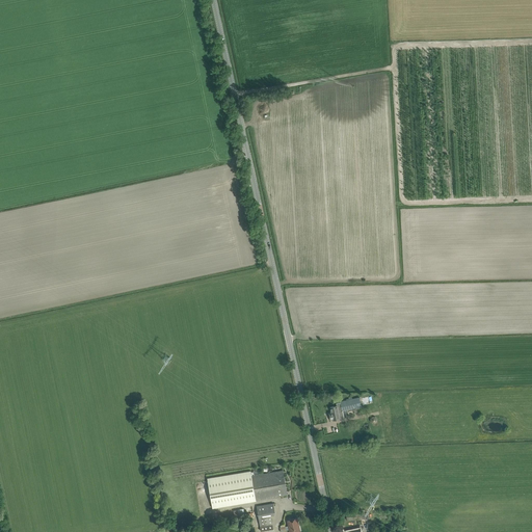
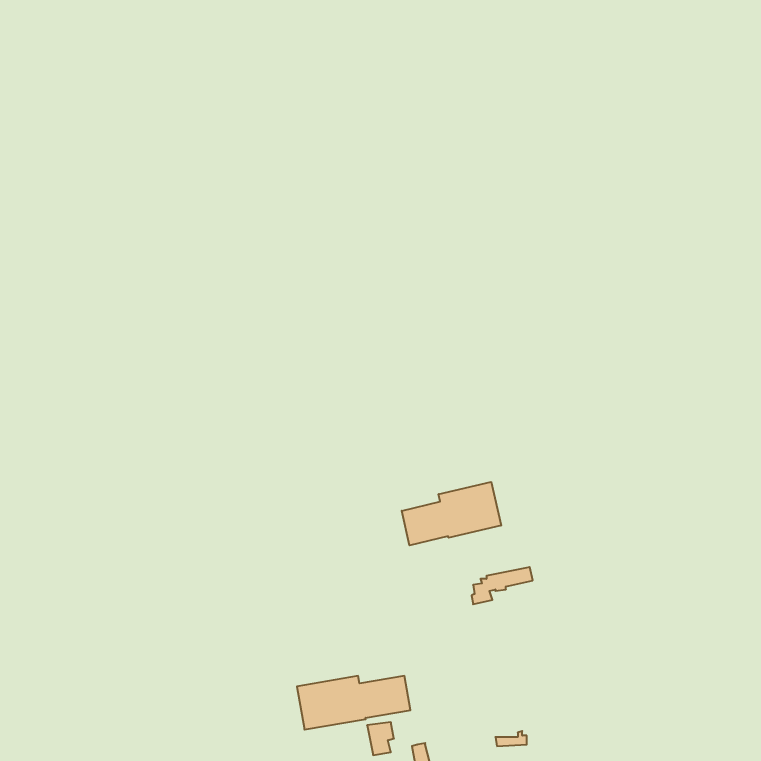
building: none -> [402,482,501,545]

